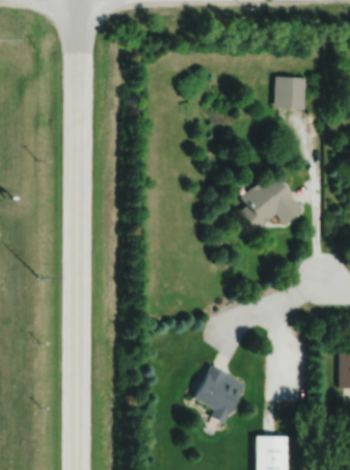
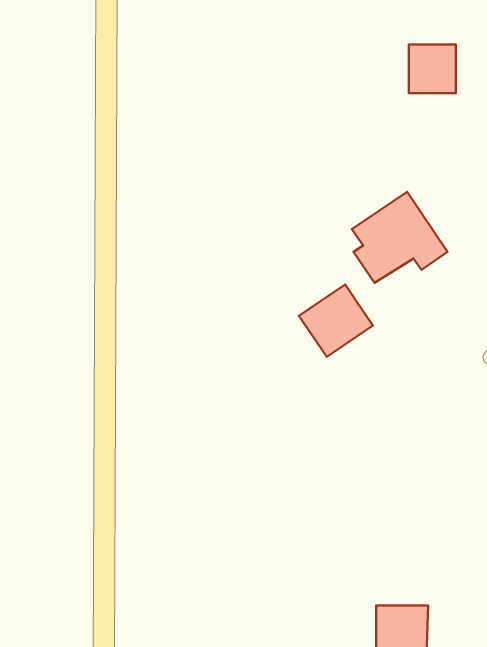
building: none -> [299,284,373,357]
building: [192,365,244,424] -> none

